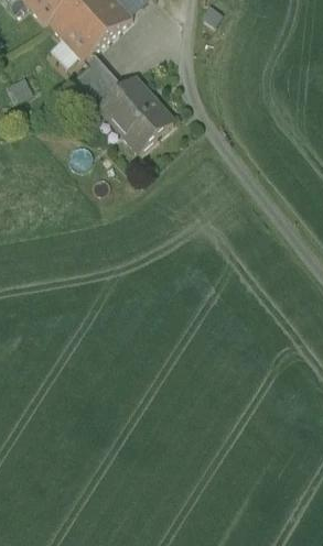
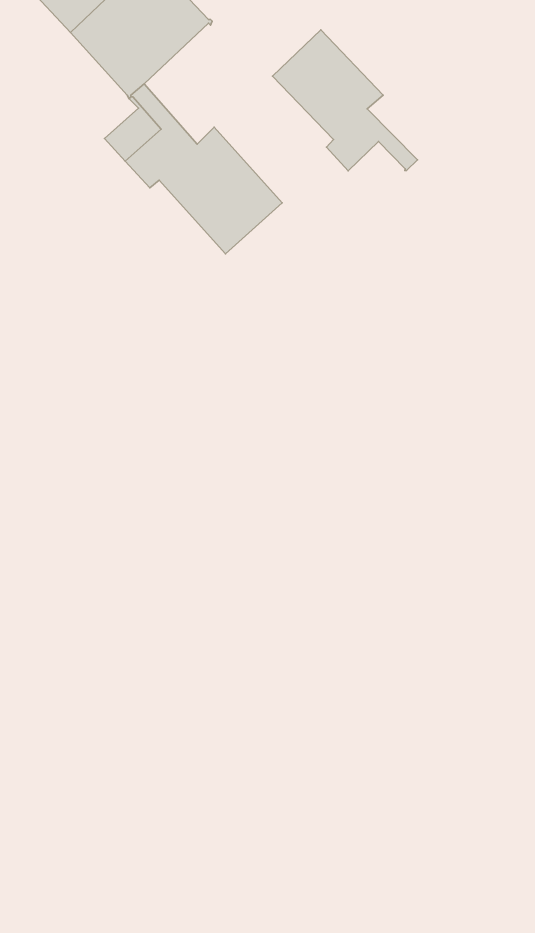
building: none -> [273,30,417,171]

